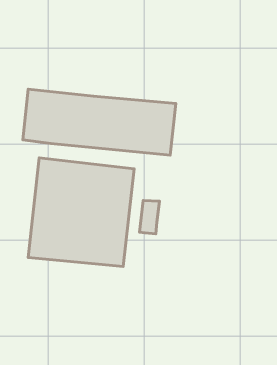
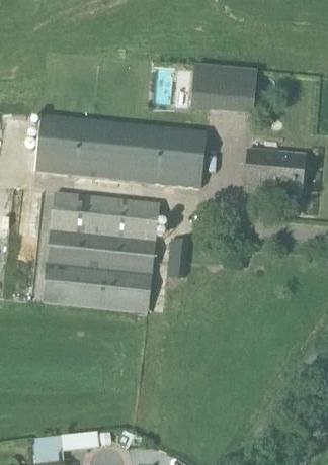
building: none -> [190,66,255,112]
building: none -> [243,149,304,201]

